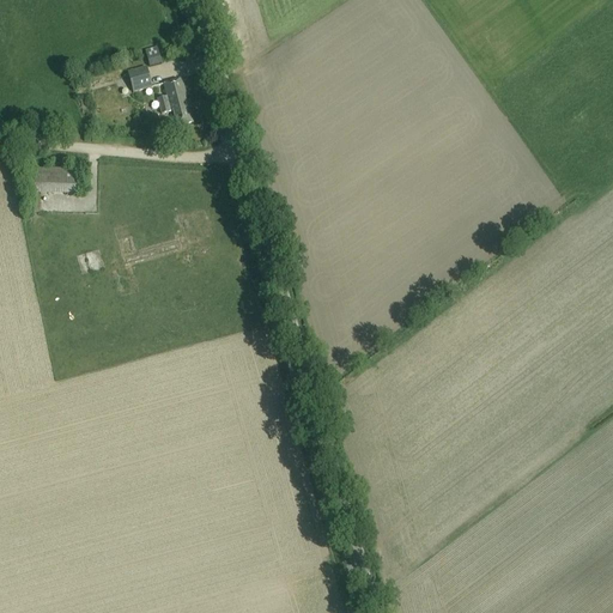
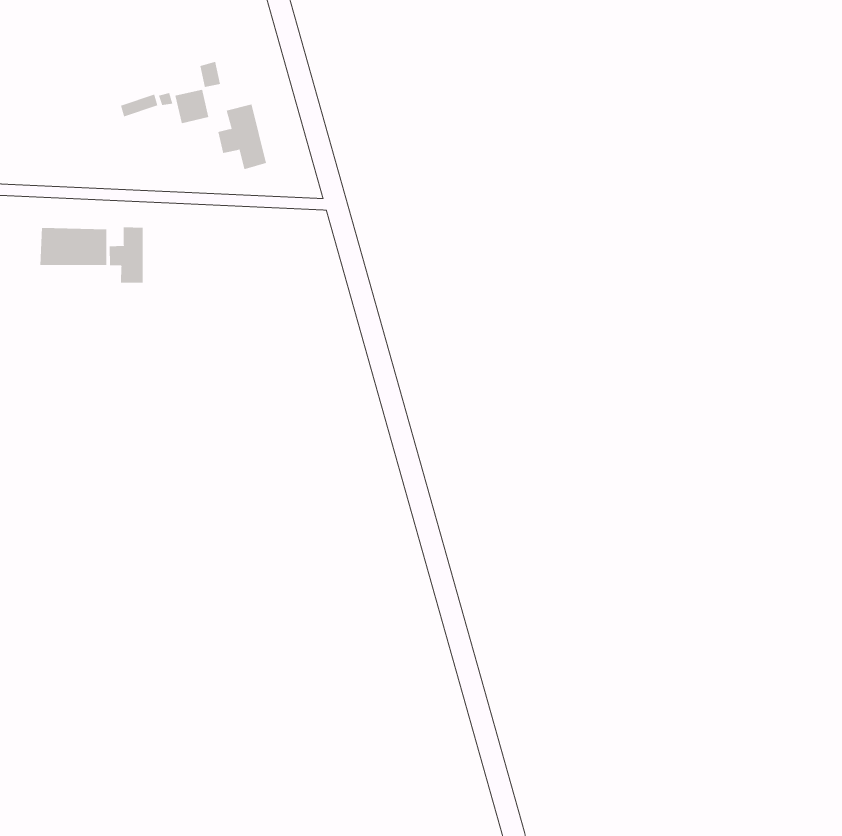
building: none -> [109,227,143,283]

